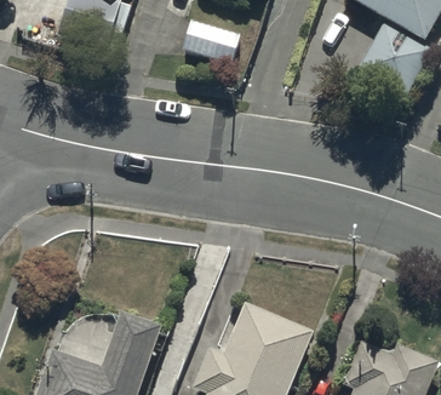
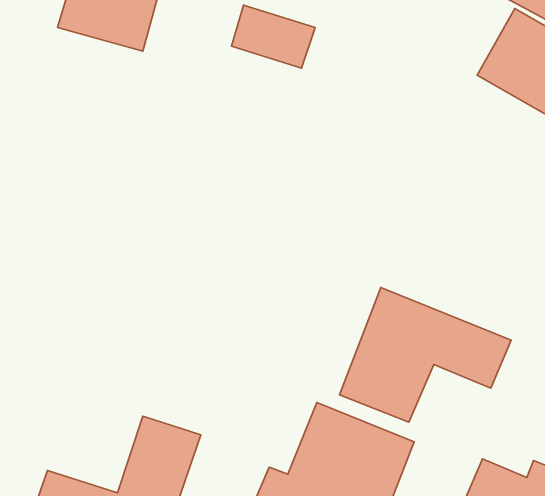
building: none -> [340,287,511,422]

